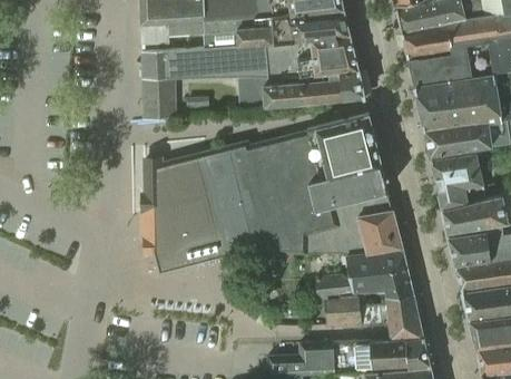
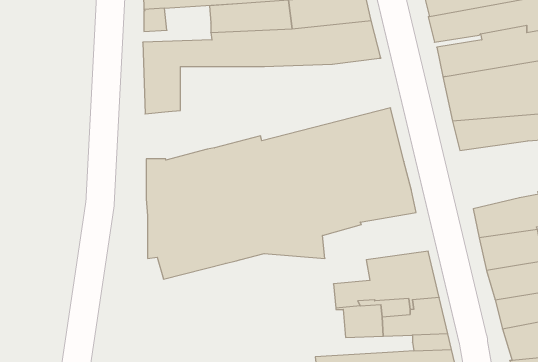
building: [160,20,203,42] -> none
building: [237,68,363,107] -> none
building: [432,153,485,206] -> none
building: [305,208,402,253] -> none

